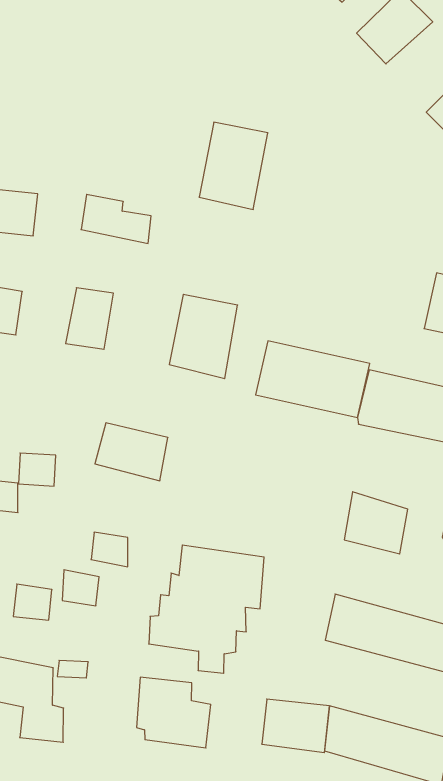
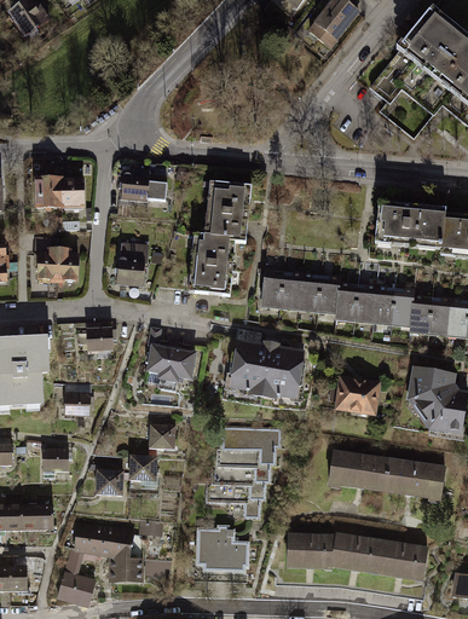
building: [199,122,268,209] -> [206,183,252,244]
building: none -> [231,336,305,397]
building: [18,453,56,486] -> [86,325,114,349]

